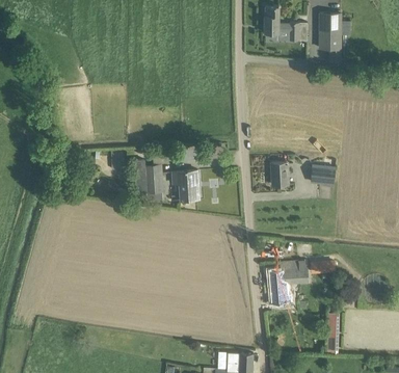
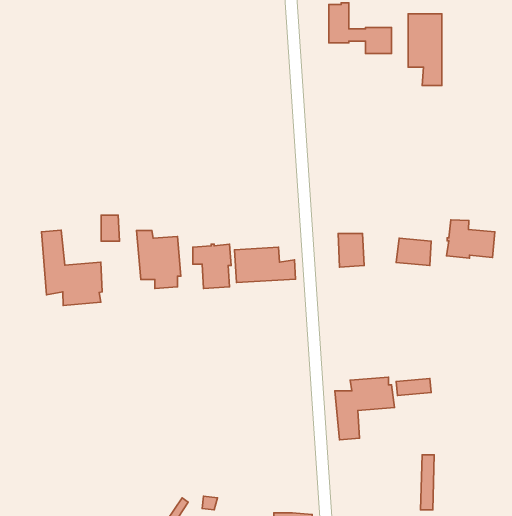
building: none -> [447,220,495,258]
building: none -> [42,230,102,306]
building: none -> [235,247,295,283]

